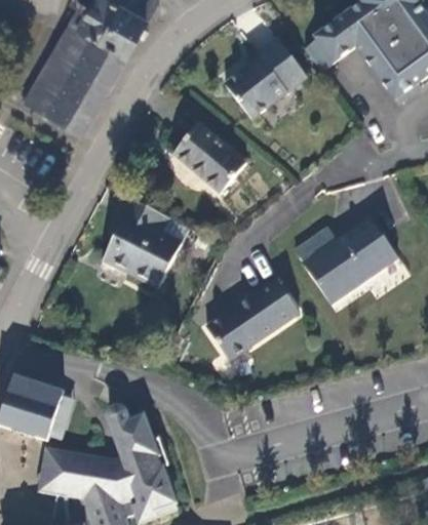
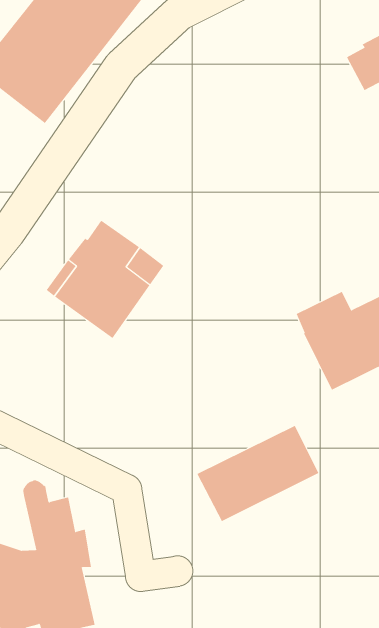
building: [225,37,306,117] -> none
building: [172,122,246,193] -> none
building: [205,277,299,359] -> [196,425,319,522]

